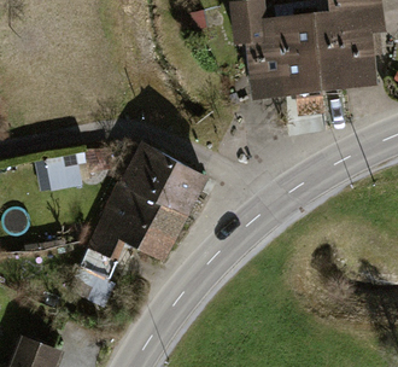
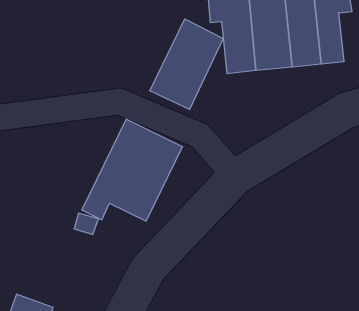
building: none -> [150,19,223,110]

